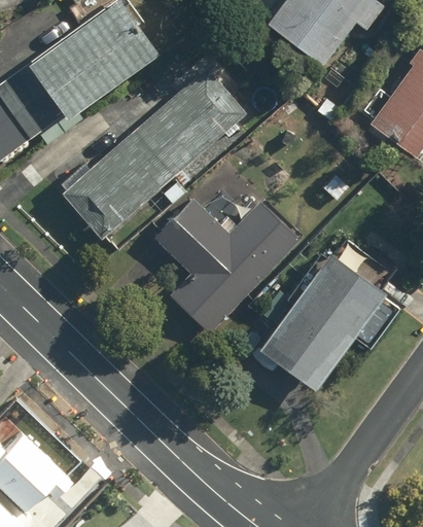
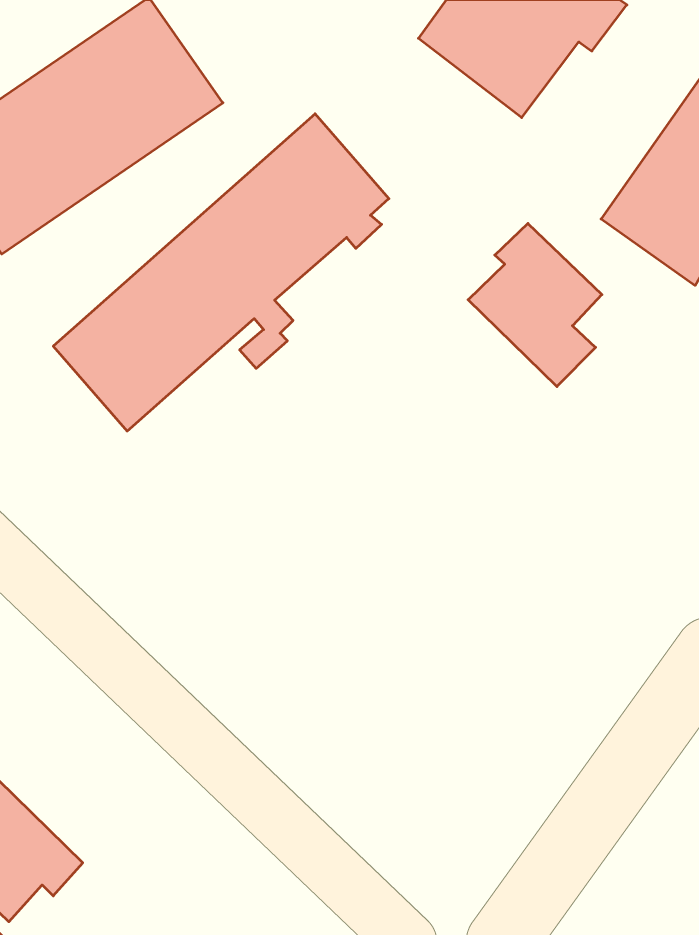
building: none -> [468,223,602,387]
building: [150,197,302,335] -> none
building: [256,245,395,393] -> none

